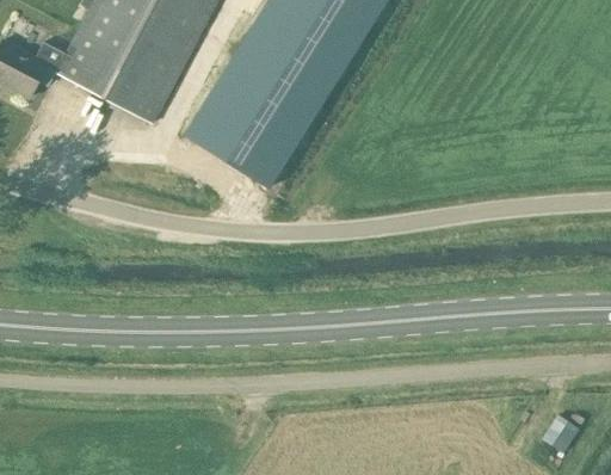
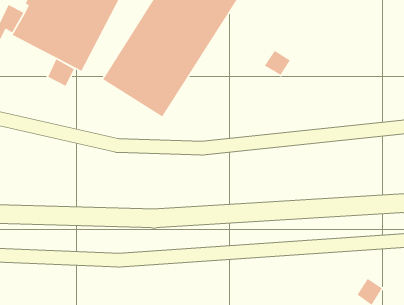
building: none -> [264,50,291,76]
building: none -> [47,58,75,87]

